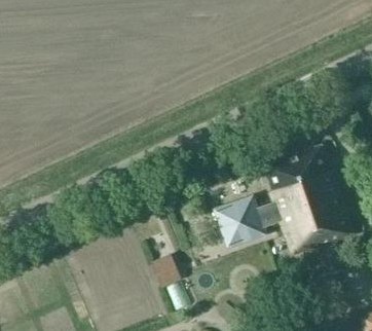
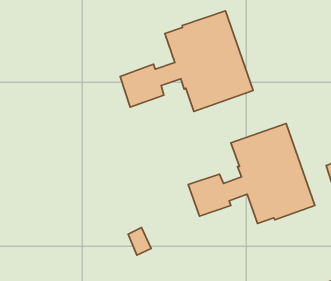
building: none -> [120,11,253,111]

